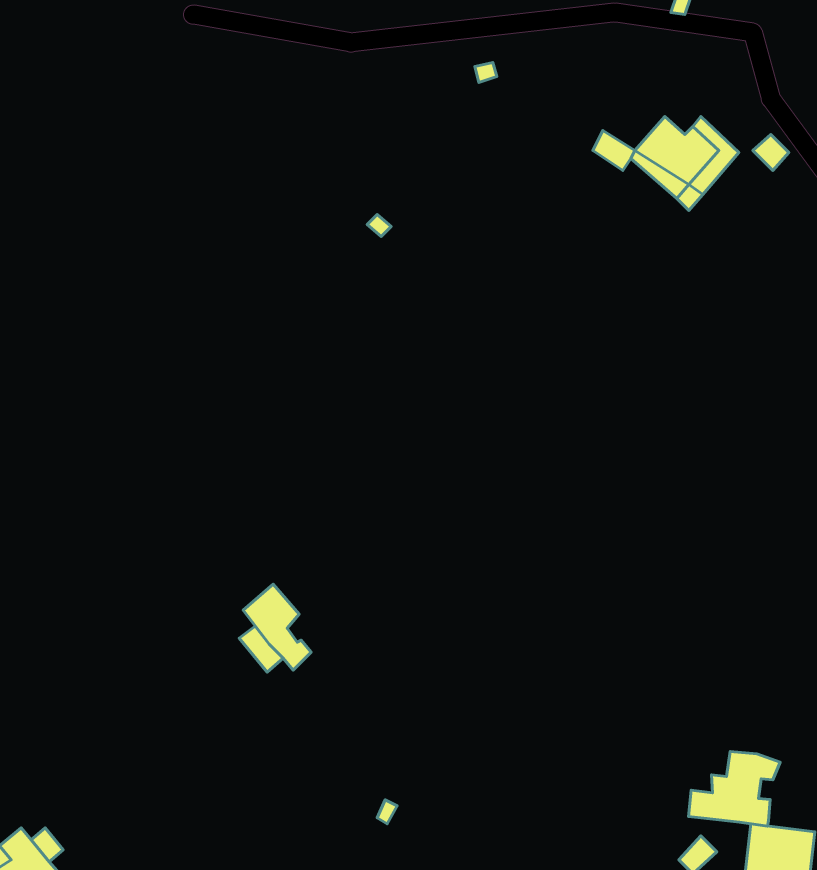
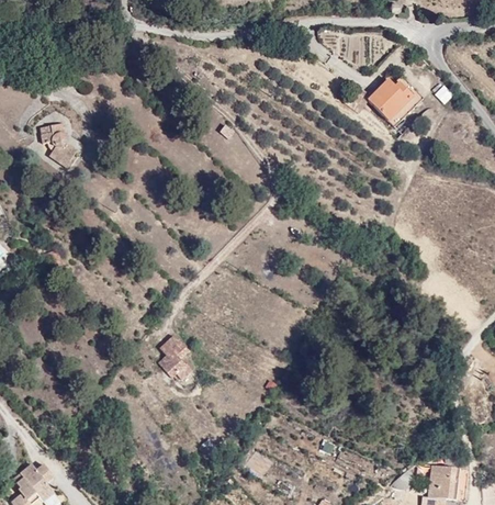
building: none -> [43,127,87,171]
building: [689,751,780,826] -> none

